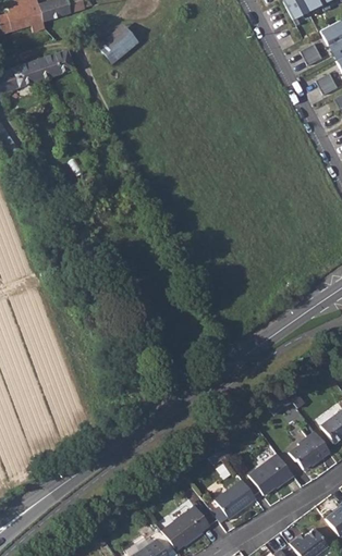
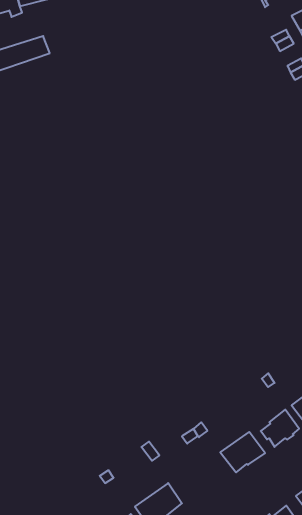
building: [98,24,138,62] -> none
building: [216,480,256,519] -> none

